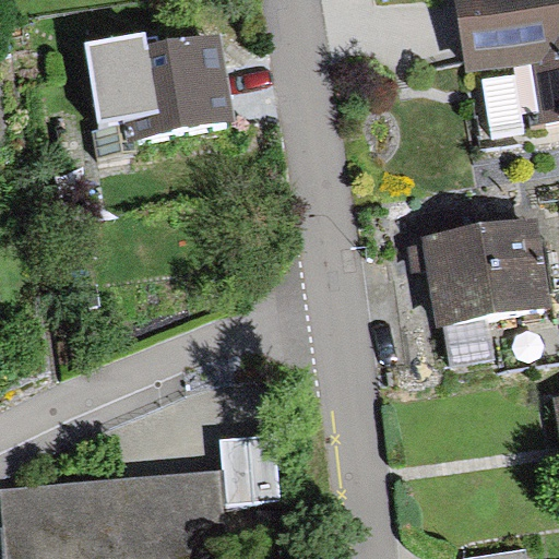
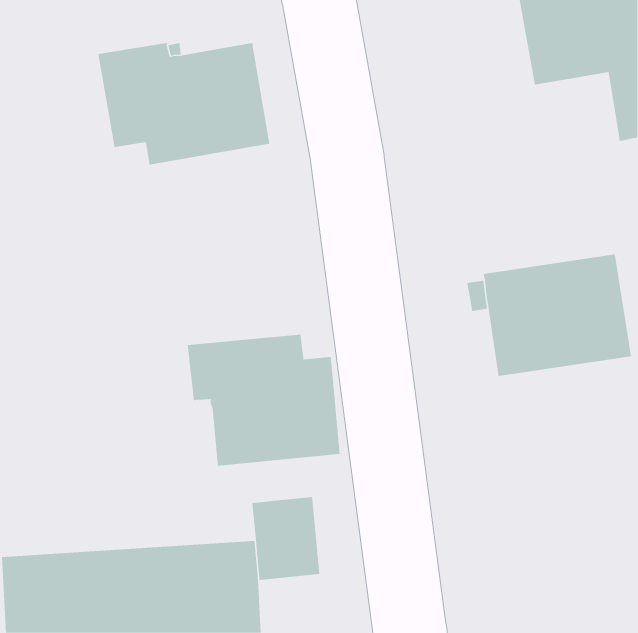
building: none -> [187,334,340,466]

